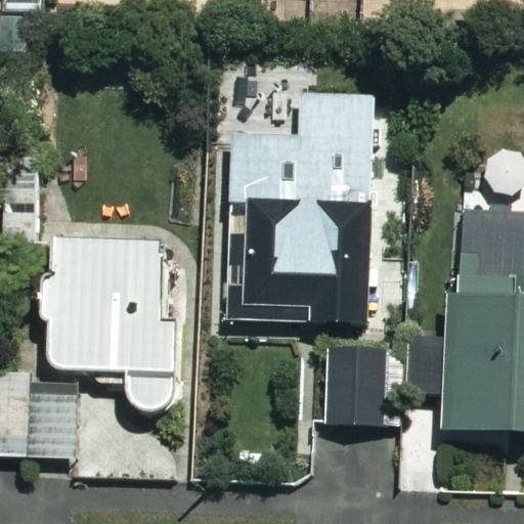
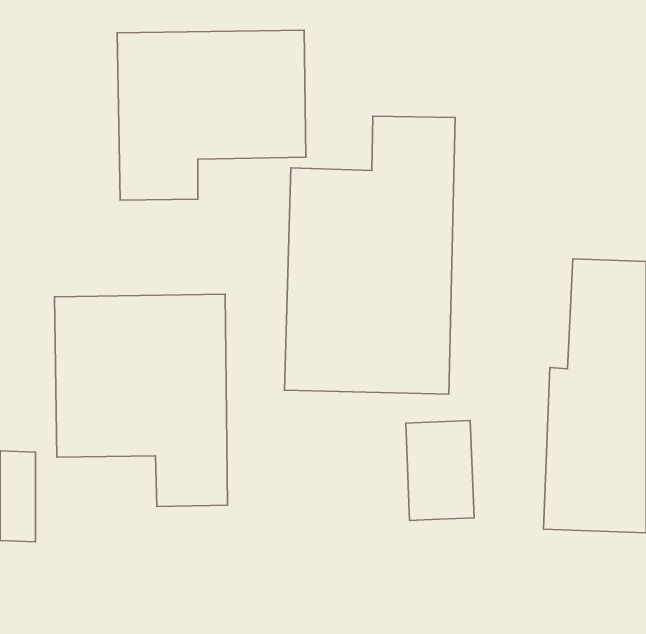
building: none -> [117,30,306,200]

